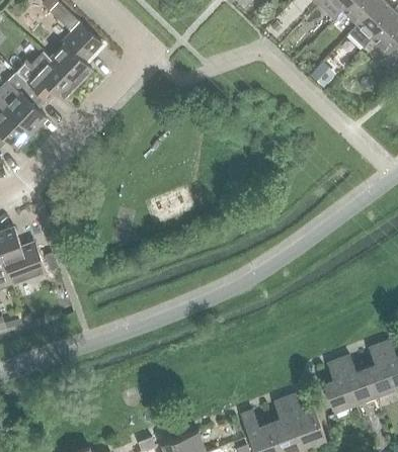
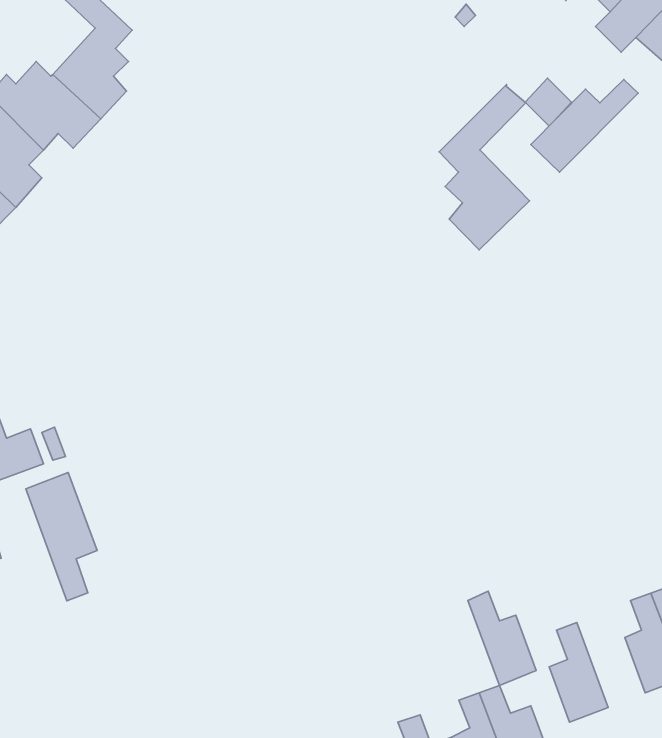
building: none -> [531,80,638,172]
building: none -> [439,84,529,250]
building: none -> [26,472,97,601]
building: [338,354,376,405] -> [468,591,536,685]

